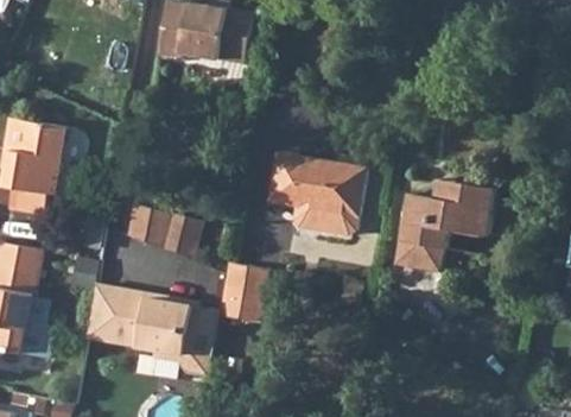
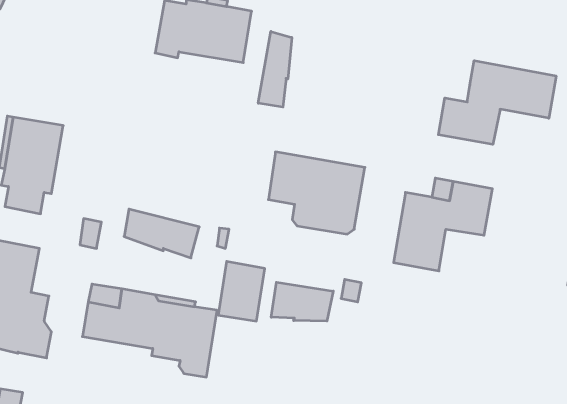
building: none -> [258,31,292,107]
building: none -> [438,61,556,144]
building: none -> [271,282,333,321]

